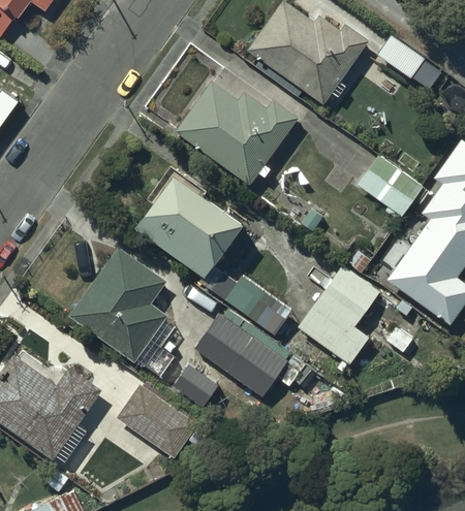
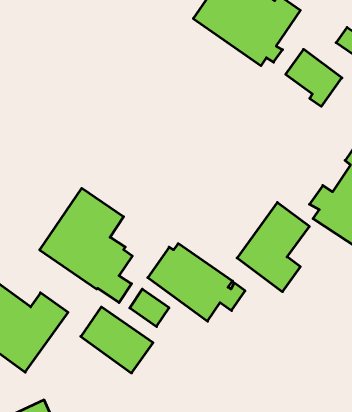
building: [175,81,299,186] -> none
building: [357,156,422,222] -> [286,49,342,106]
building: [131,163,243,277] -> none
building: [209,273,292,339] -> none

